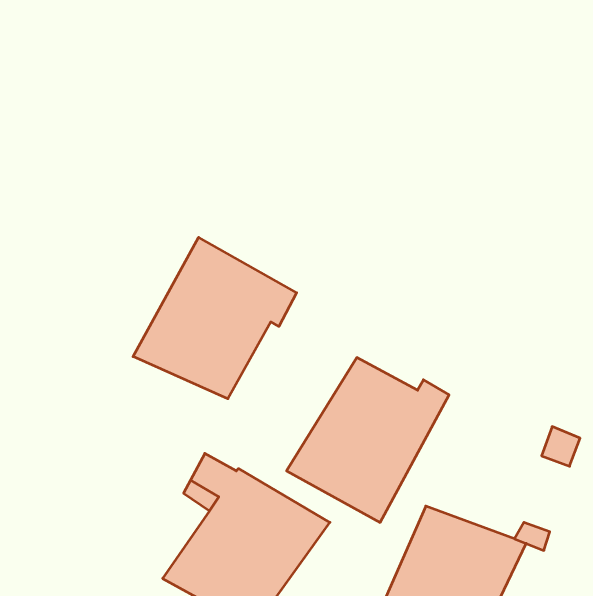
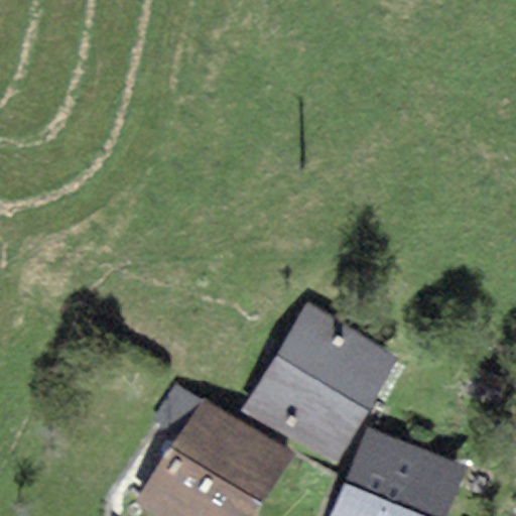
building: [133,237,297,399] -> none

